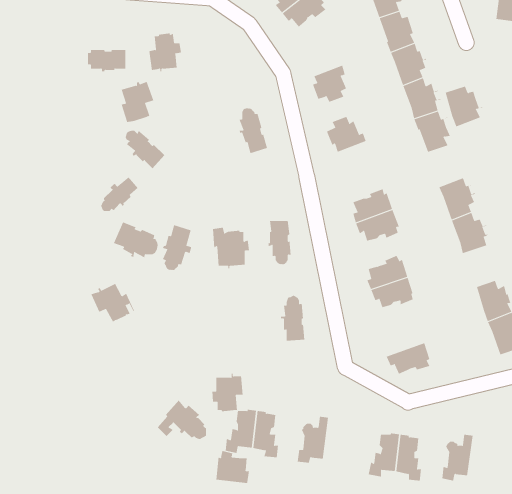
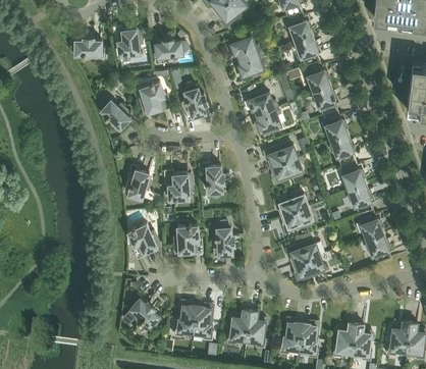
building: none -> [230,35,260,60]
building: none -> [155,41,188,58]
building: [121,81,154,123] -> [140,83,164,113]
building: [445,86,484,127] -> [322,111,351,142]
building: none -> [255,108,280,136]
building: [101,176,139,212] -> none
building: [113,222,158,258] -> none
building: none -> [348,184,374,215]
building: [90,283,135,322] -> [127,224,160,253]
building: none -> [289,241,320,266]
building: [211,373,243,412] -> [174,224,198,253]
building: none -> [246,311,267,349]
building: none -> [352,324,373,361]
building: [216,450,250,484] -> none

